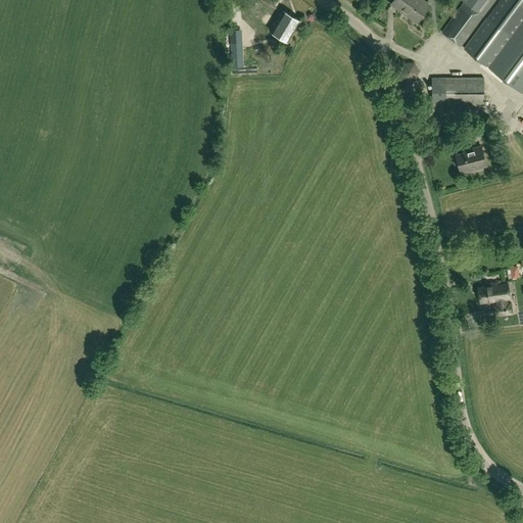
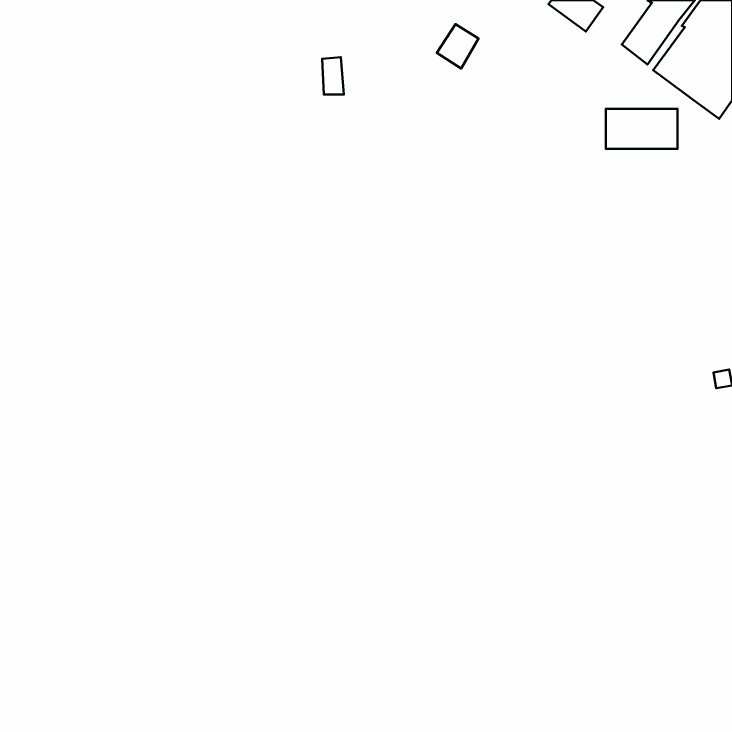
building: [271,10,300,42] -> [437,24,478,69]
building: [457,146,486,171] -> none
building: [479,283,513,316] -> none

